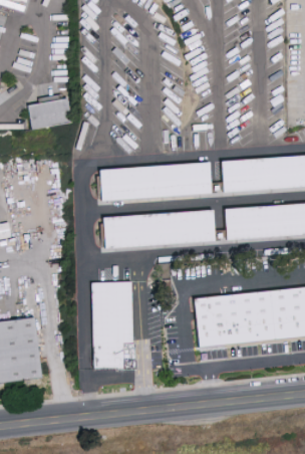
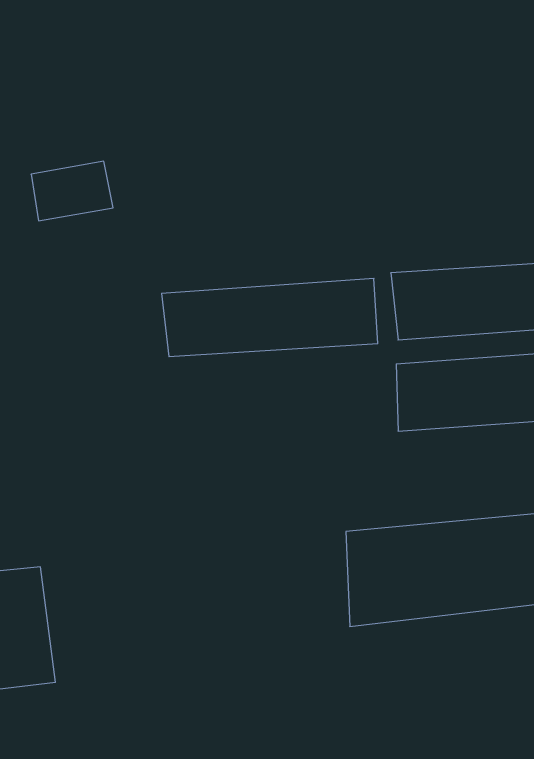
building: [100,208,217,252] -> none
building: [89,281,134,373] -> none

